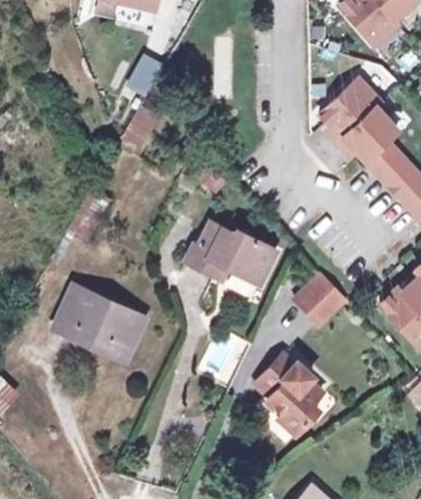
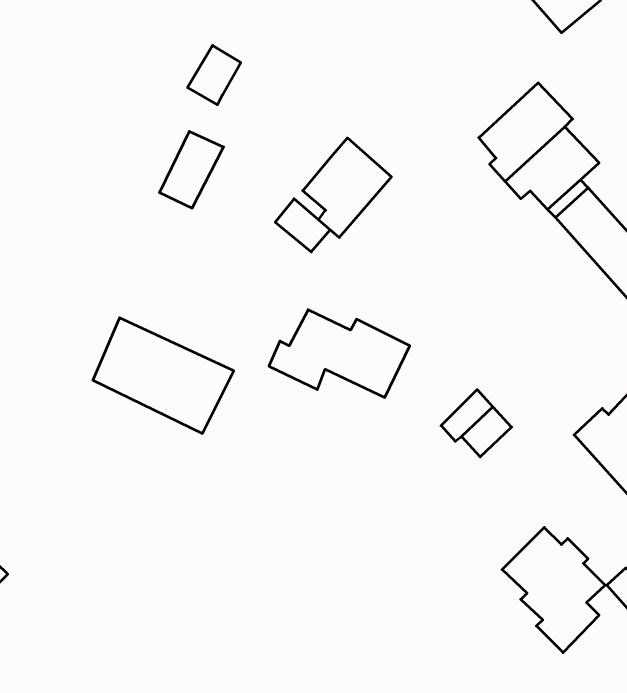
building: none -> [303,138,391,238]
building: [57,291,147,365] -> [93,318,234,433]
building: [253,357,319,437] -> [502,527,605,653]

